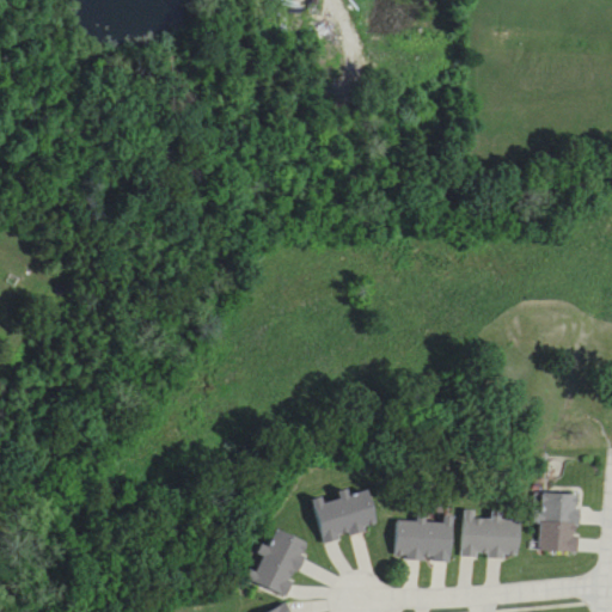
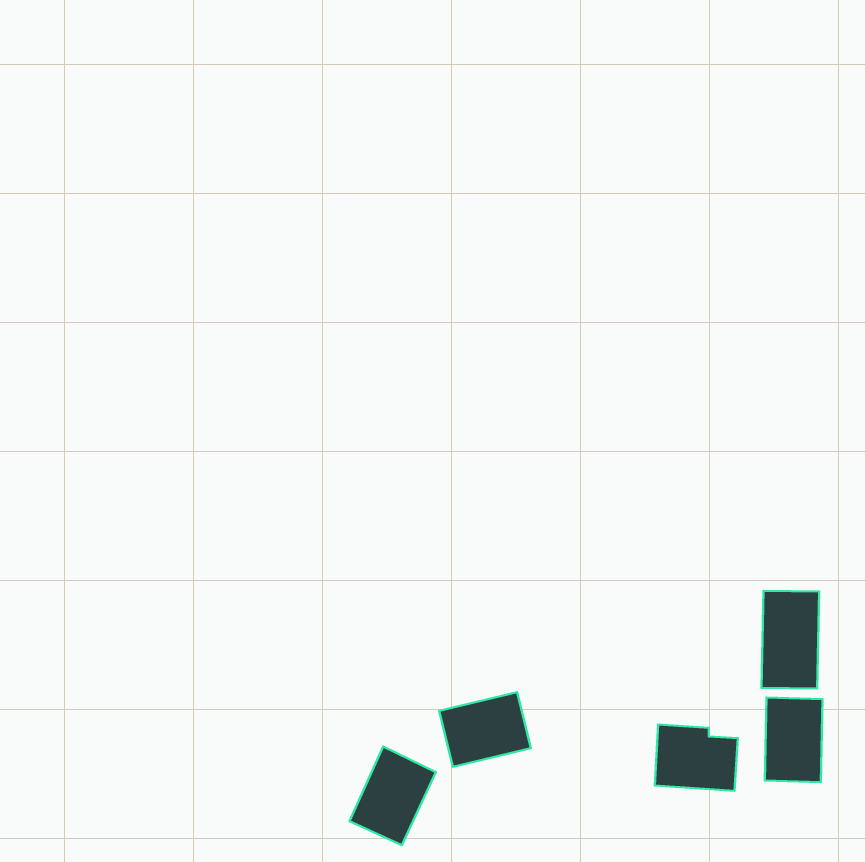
building: none -> [761,591,819,688]
building: [394,514,454,561] -> none

